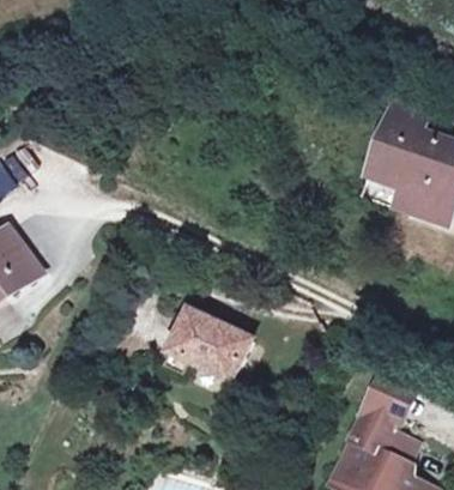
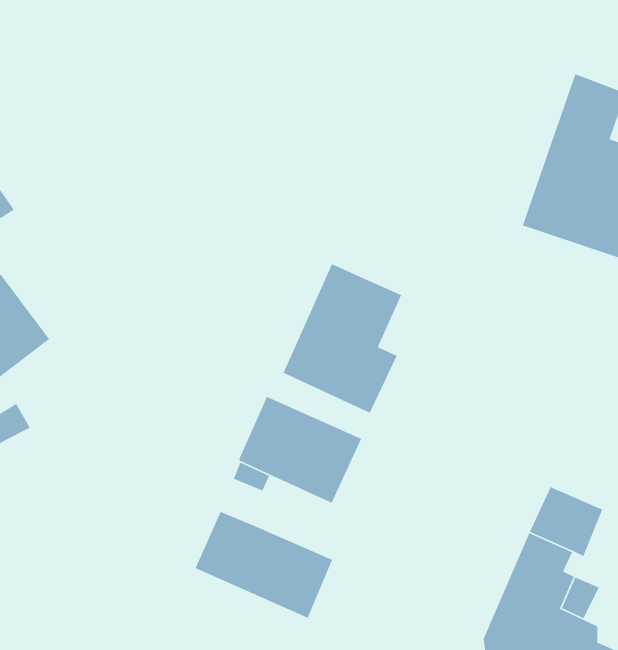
building: none -> [283,263,402,414]
building: none -> [194,511,333,619]

